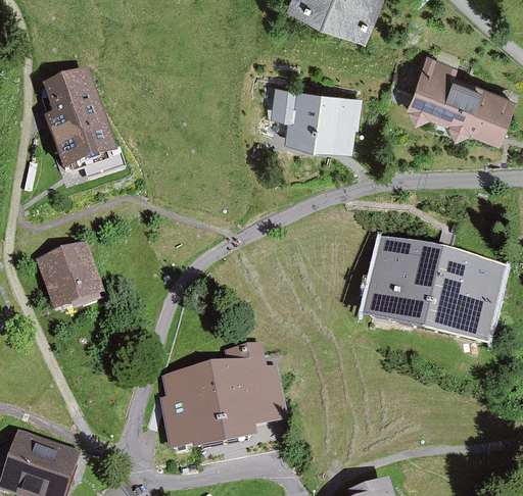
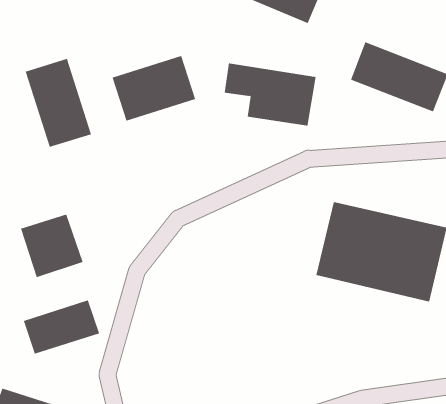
building: none -> [112,55,196,122]
building: none -> [23,299,100,355]
building: [159,354,273,446] -> none

